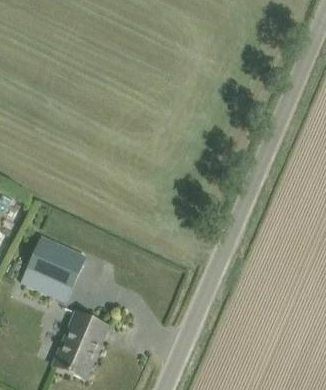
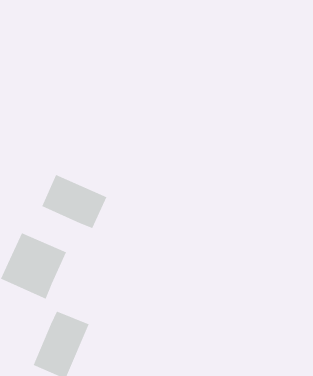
building: none -> [42,174,107,229]

